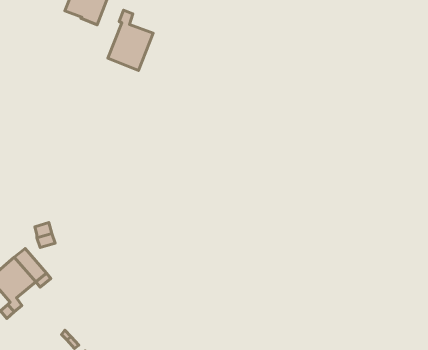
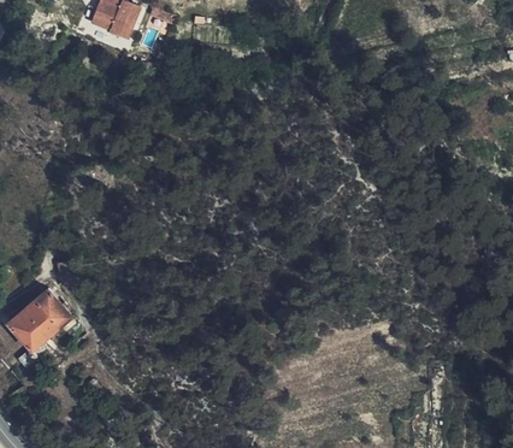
building: [108,10,153,70] -> none

